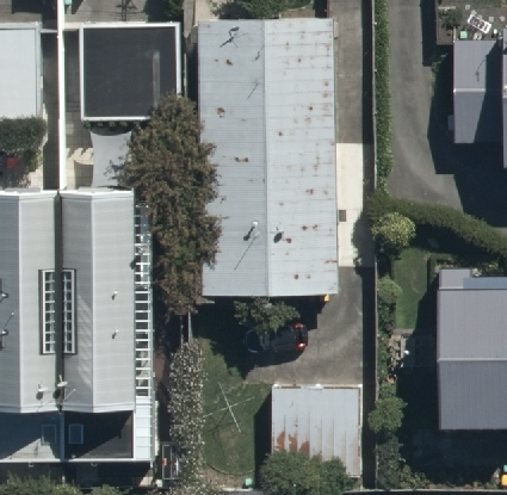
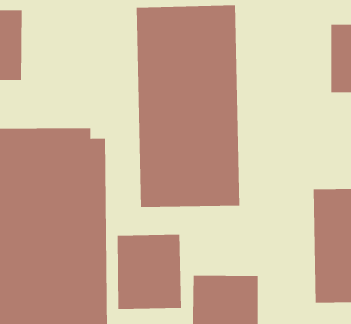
building: [80,26,180,122] -> none
building: none -> [117,234,182,310]

